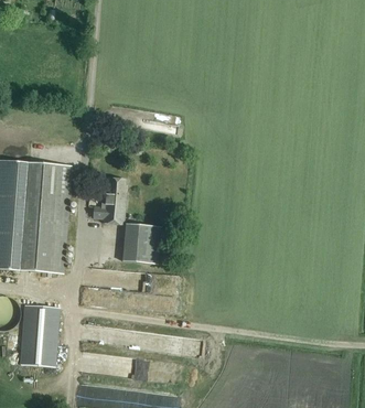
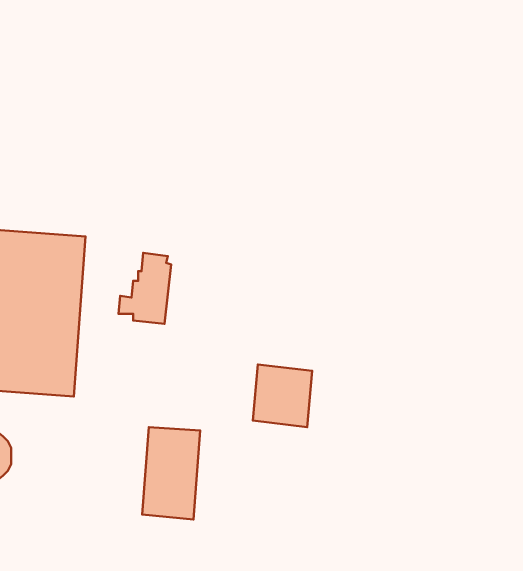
building: [125,221,164,262] -> [253,364,312,427]
building: [19,304,57,366] -> [142,427,200,520]

